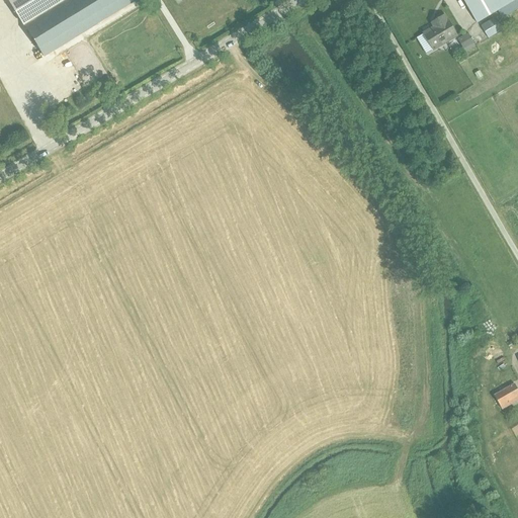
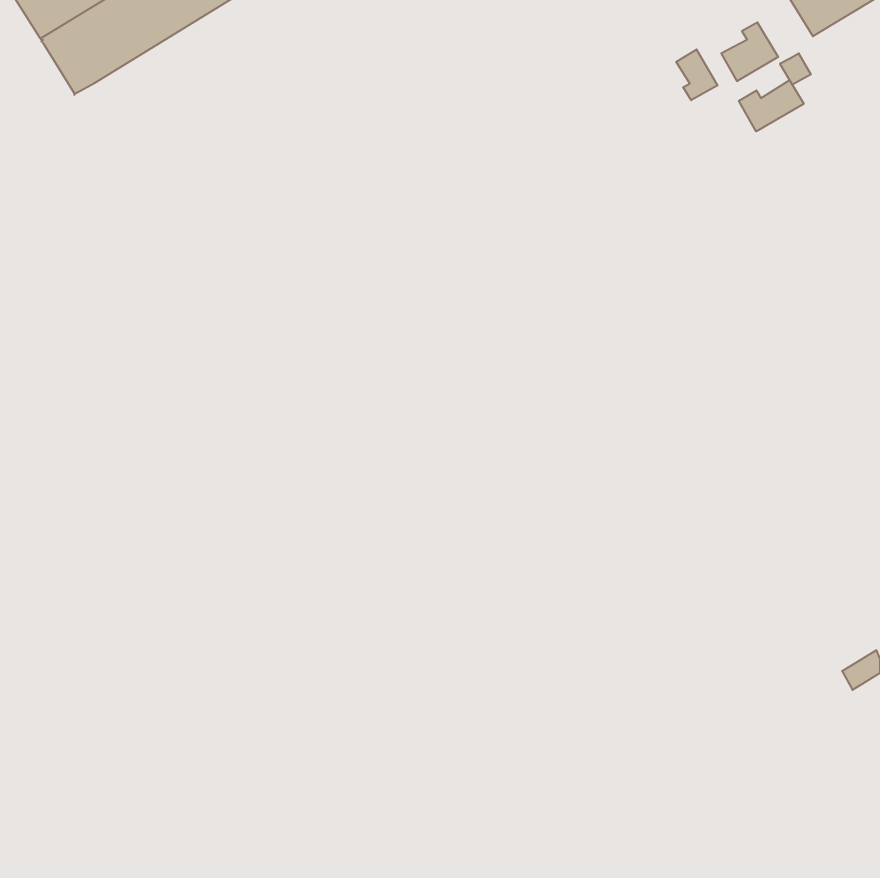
building: none -> [676,49,718,100]
building: none -> [739,80,804,131]

